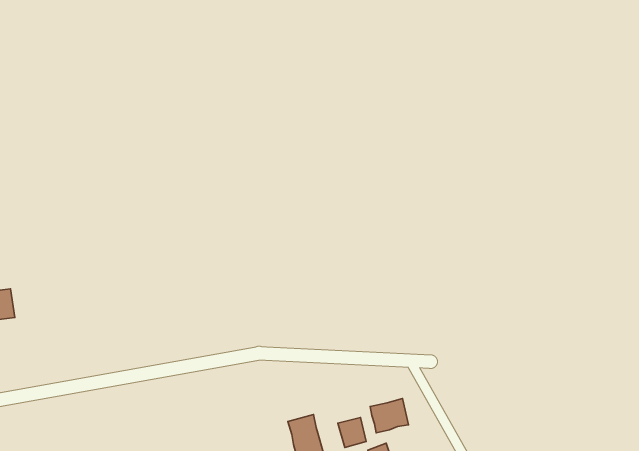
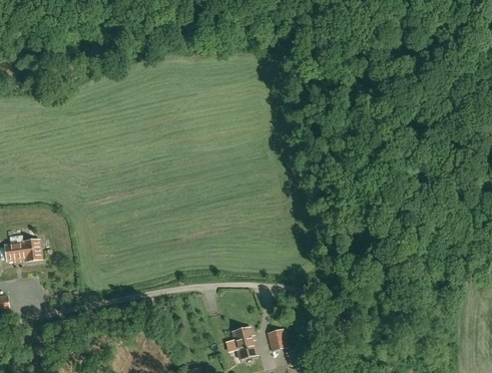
building: [370,398,409,433] -> none

